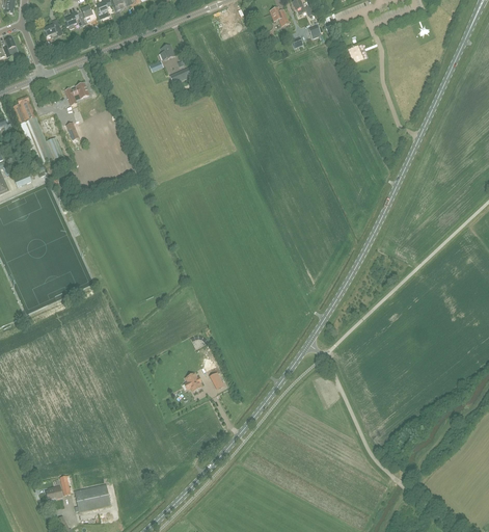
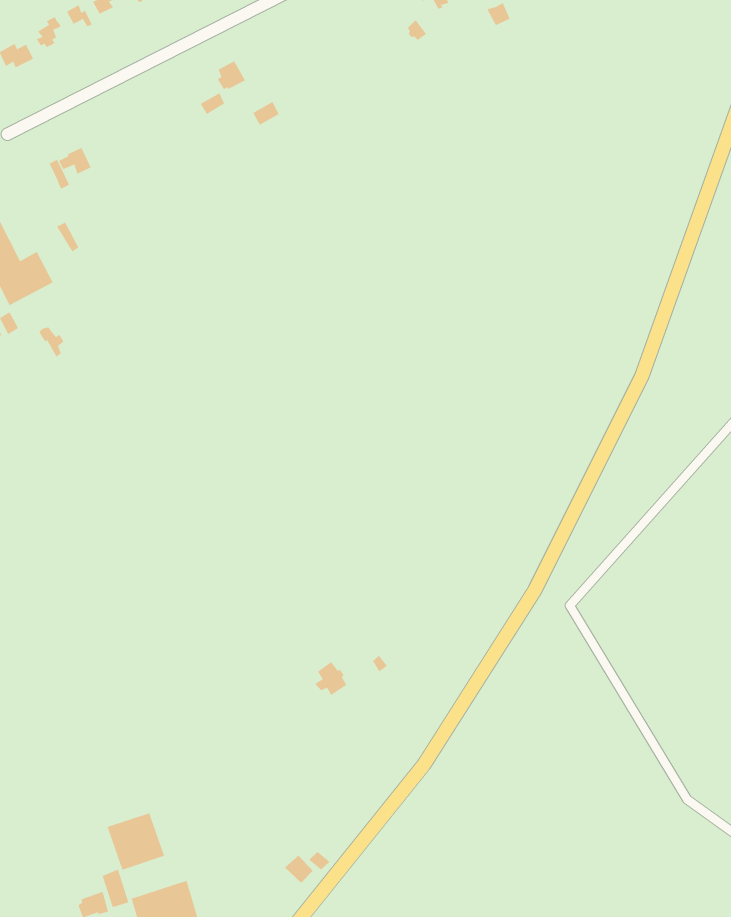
building: none -> [107,812,165,870]

